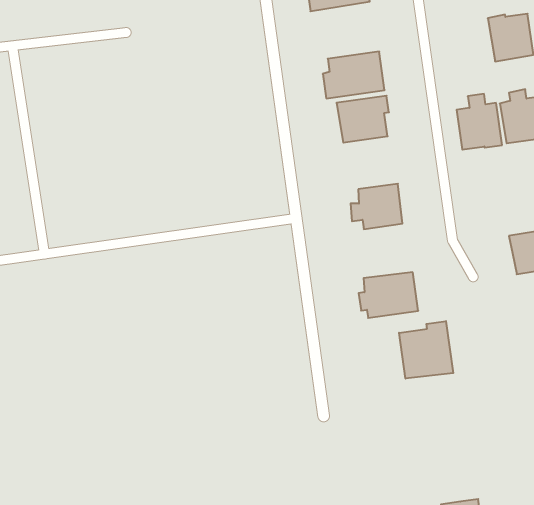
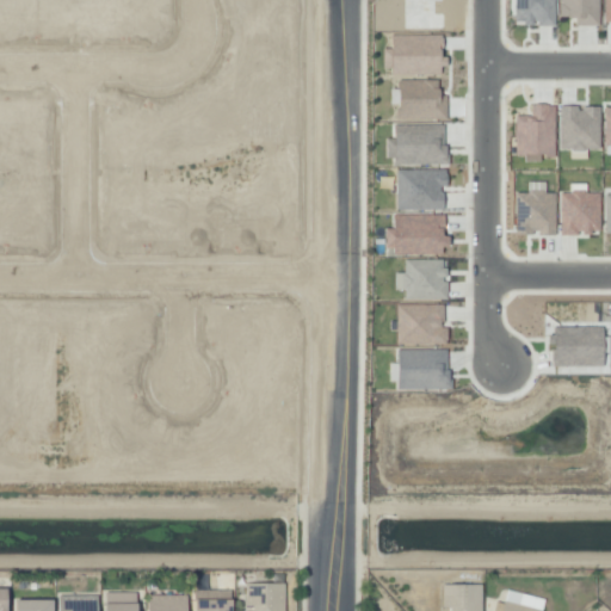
building: none -> [395,79,449,121]
building: none -> [517,104,557,158]
building: none -> [387,215,450,253]
building: none -> [397,303,449,345]
building: [399,321,453,379] -> none

